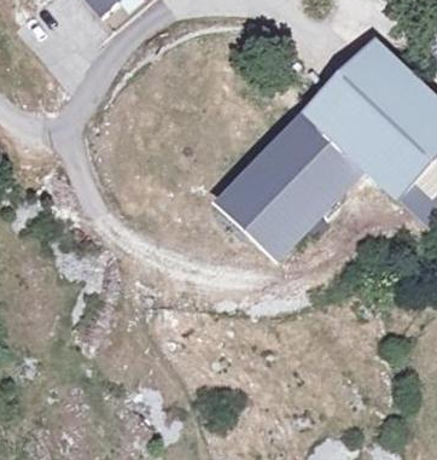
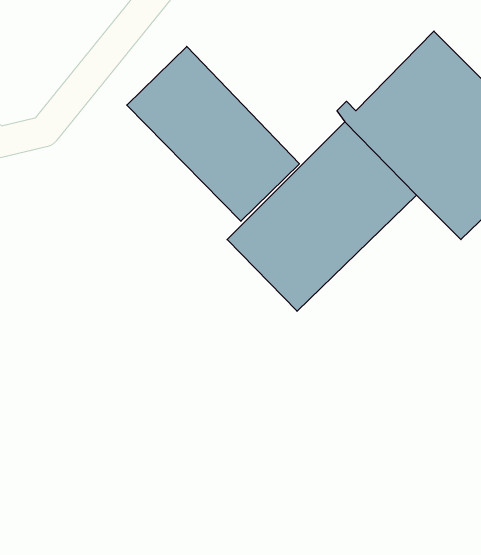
building: none -> [127,46,299,221]

